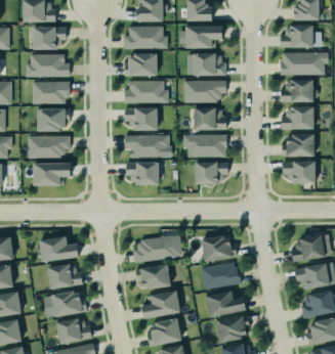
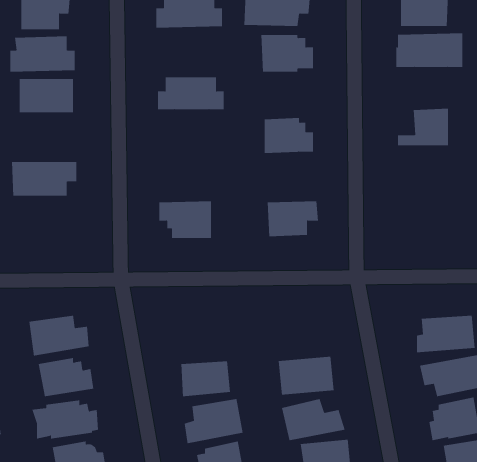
building: [124,52,157,76] -> none
building: [183,79,226,102] -> none
building: [283,79,315,101] -> none
building: [126,106,159,130] -> none
building: [38,107,70,130] -> none
building: [282,128,315,154] -> none
building: [126,134,172,157] -> none
building: [184,134,228,157] -> none
building: [284,161,317,183] -> none
building: [35,162,72,185] -> none
building: [132,234,176,261] -> none
building: [201,235,237,261] -> none

